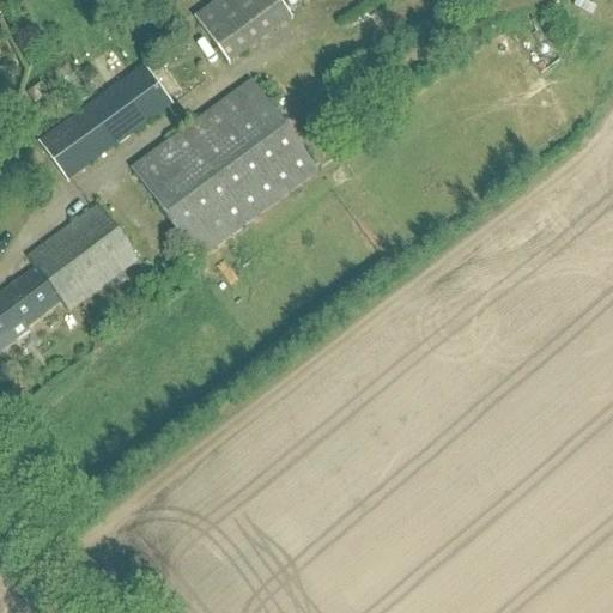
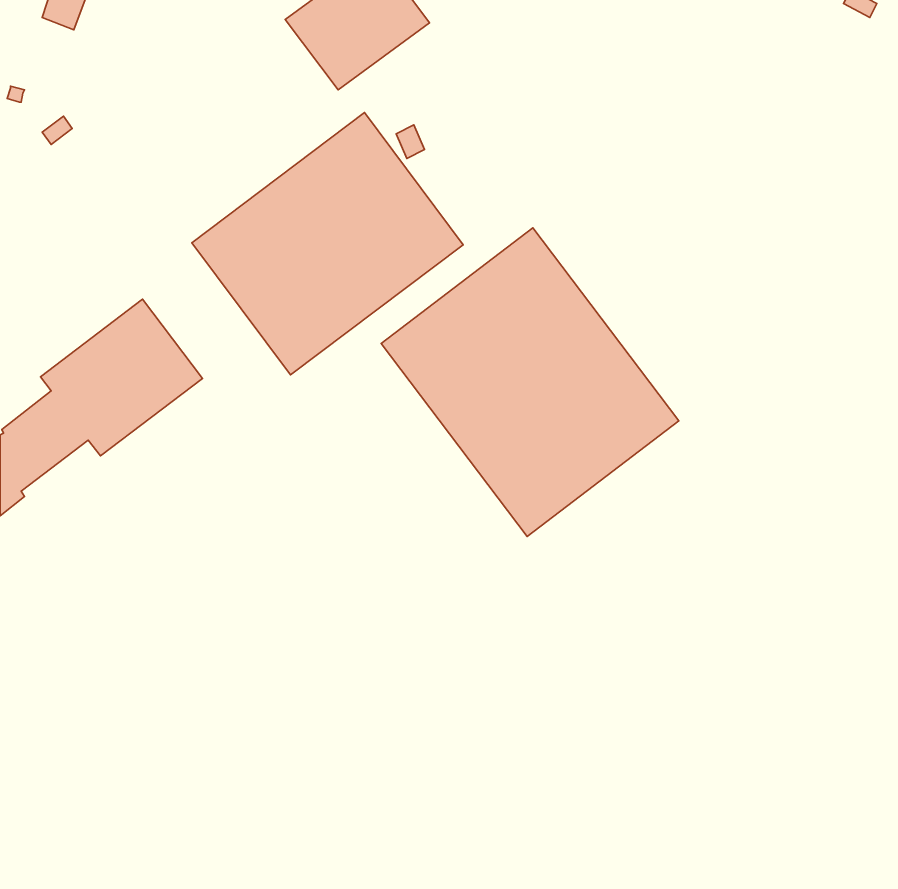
building: [41,63,170,175] -> none
building: none -> [381,228,679,537]

